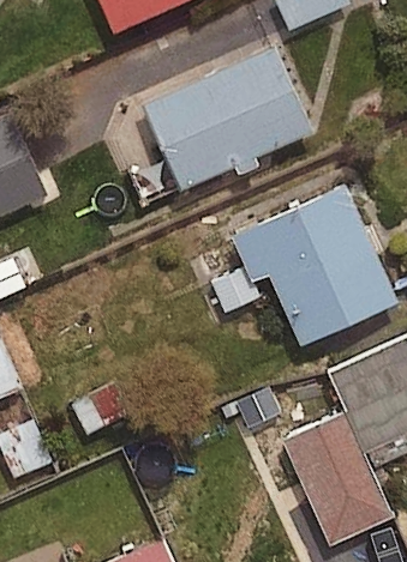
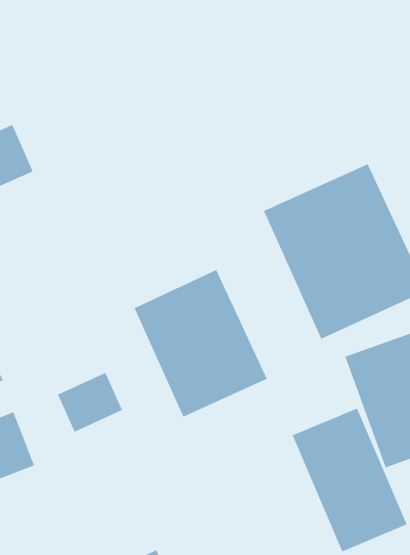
building: [145,47,317,192] -> none
building: none -> [134,269,267,418]

